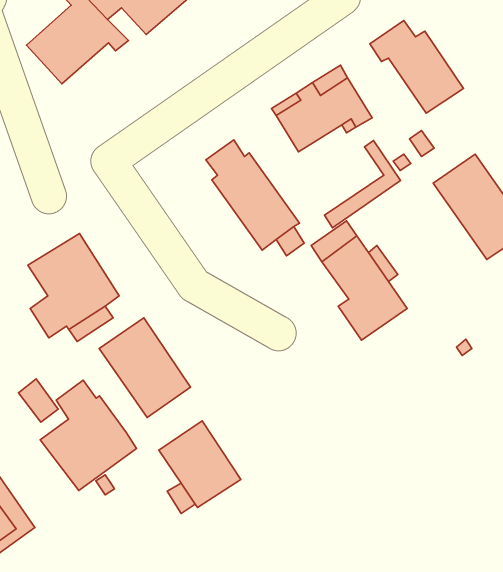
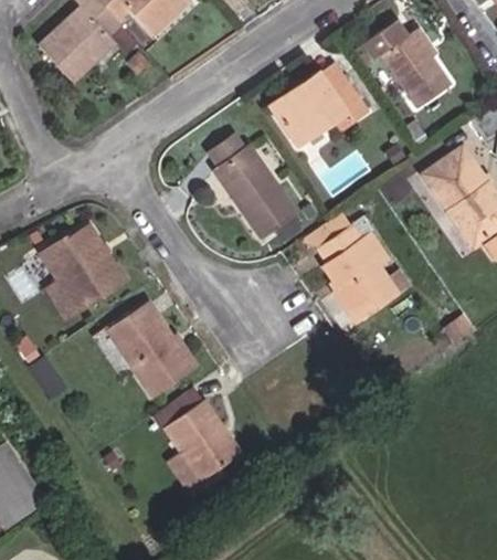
building: [325,140,400,228] -> none
building: [40,380,136,491] -> none

